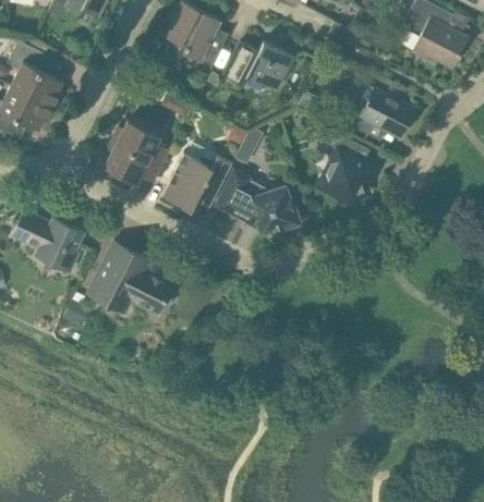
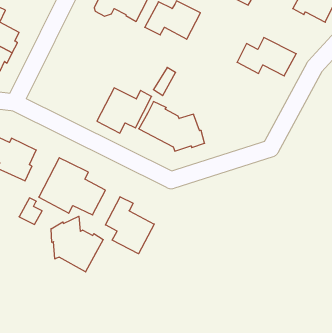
building: [104,122,168,183] -> none
building: [314,125,375,204] -> none
building: none -> [105,197,154,254]
building: none -> [51,216,103,272]

